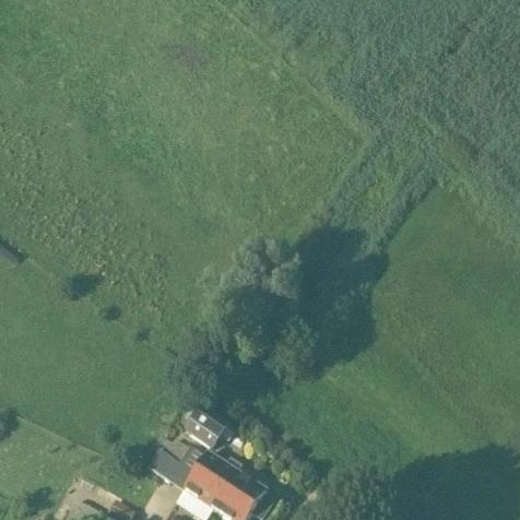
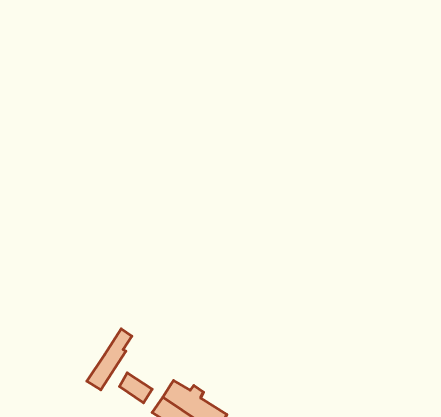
building: none -> [87,329,132,390]
building: [191,411,229,449] -> none

